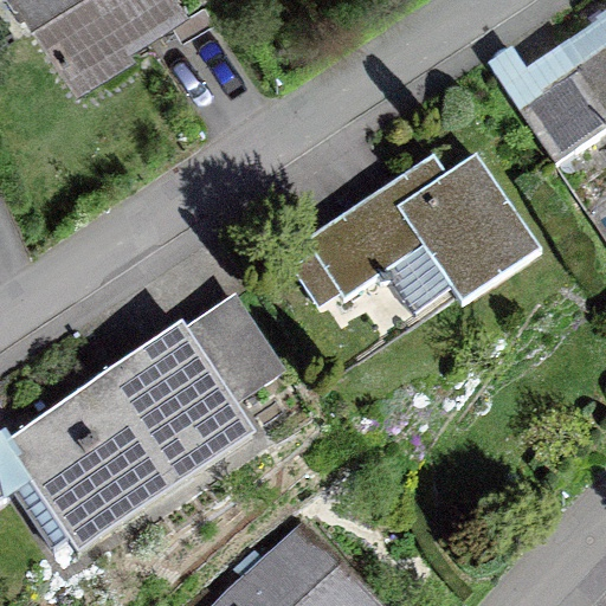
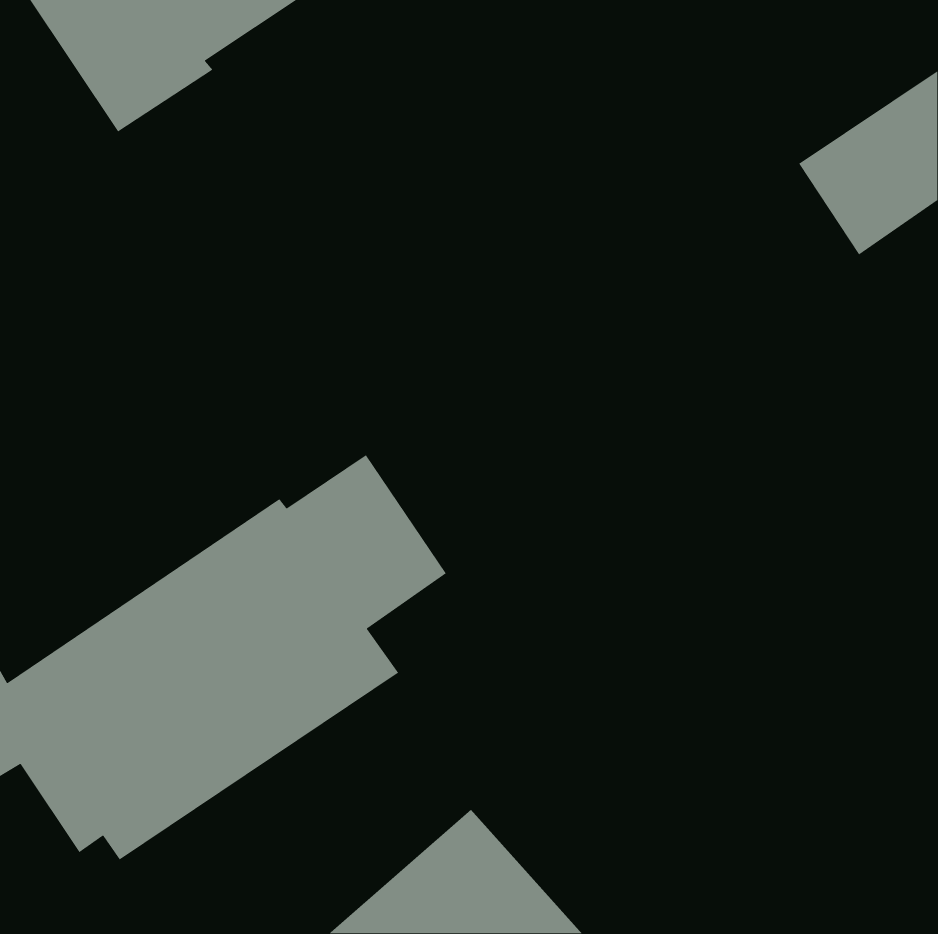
building: [281,152,541,314] -> none

